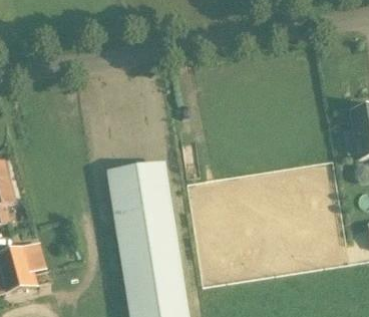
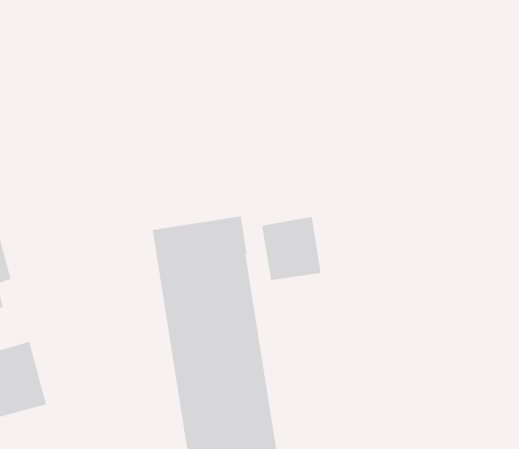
building: none -> [261,216,321,281]

